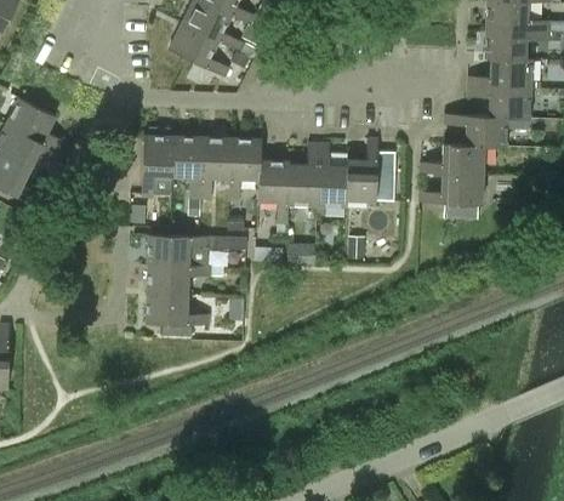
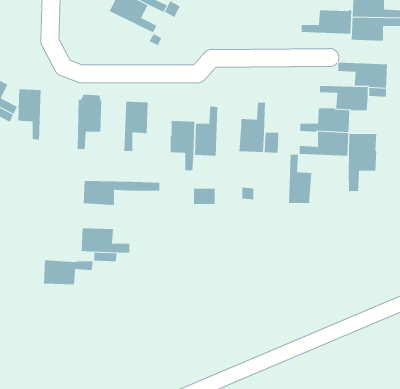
building: [169,23,229,76] -> none
building: [468,59,532,90] -> [301,10,352,34]
building: [172,135,203,199] -> [17,89,42,140]
building: [229,137,261,200] -> none
building: [317,143,347,205] -> [288,154,312,204]
building: none -> [348,133,377,192]
building: [148,264,211,296] -> [43,260,93,285]

